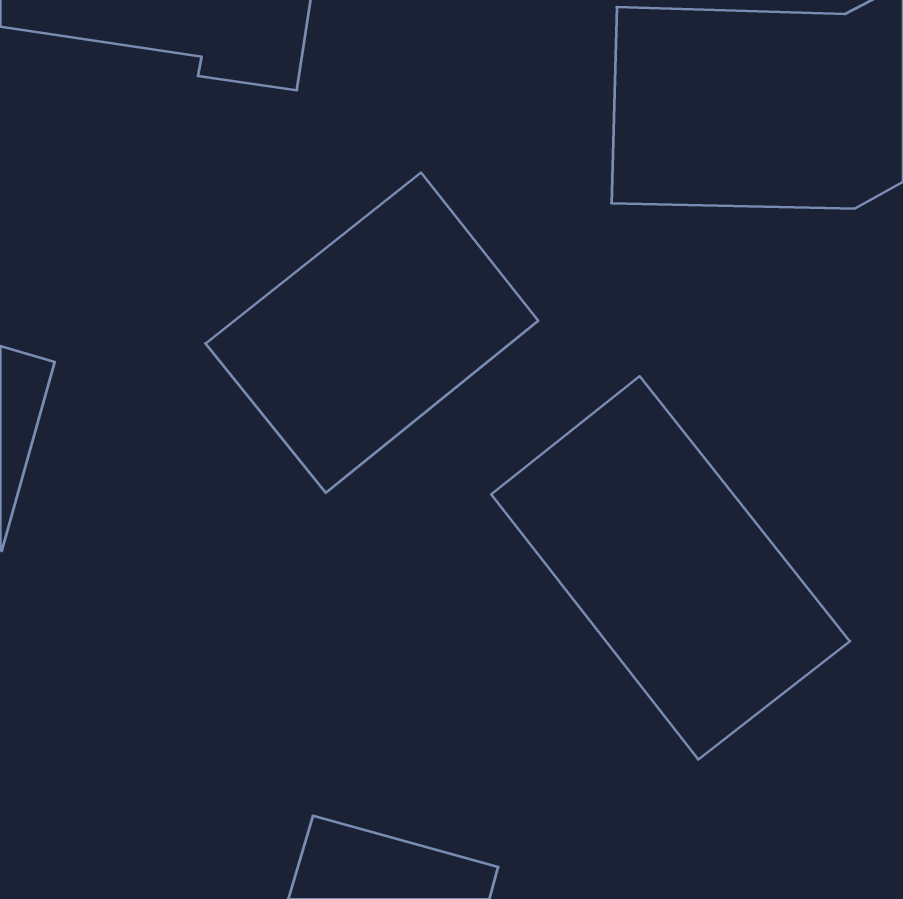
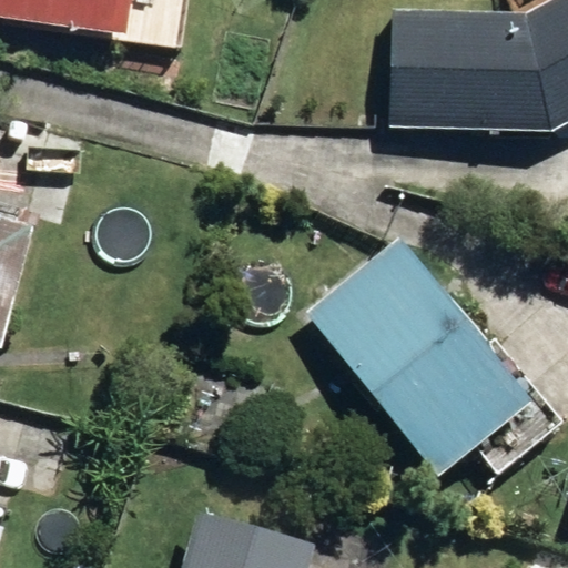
building: [205,173,538,493] -> none

